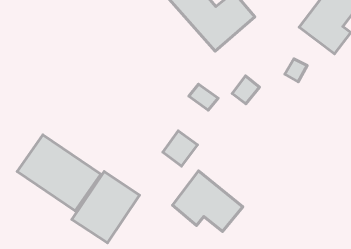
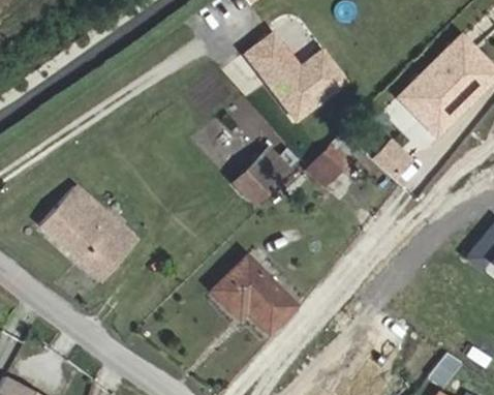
building: [163,131,198,166] -> [233,164,275,207]
building: [72,172,140,243] -> none

